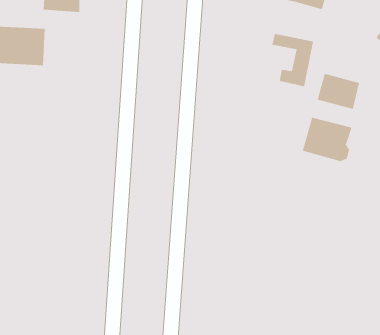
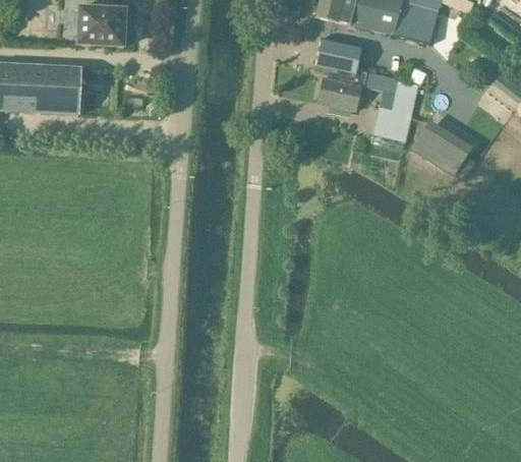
building: none -> [314,37,365,110]
building: [302,117,352,162] -> none

